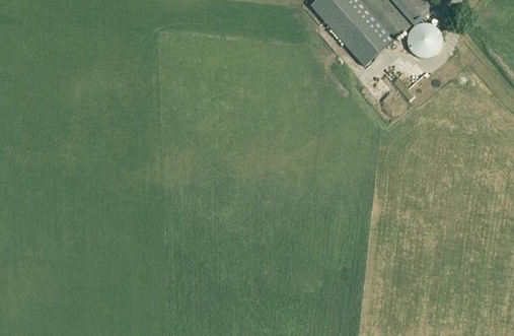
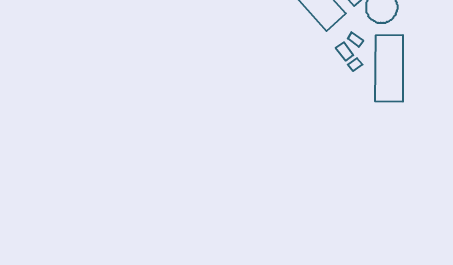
building: none -> [375,35,403,102]

